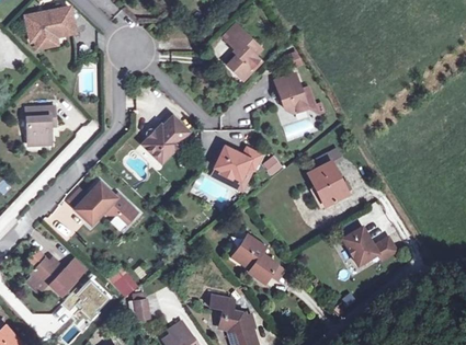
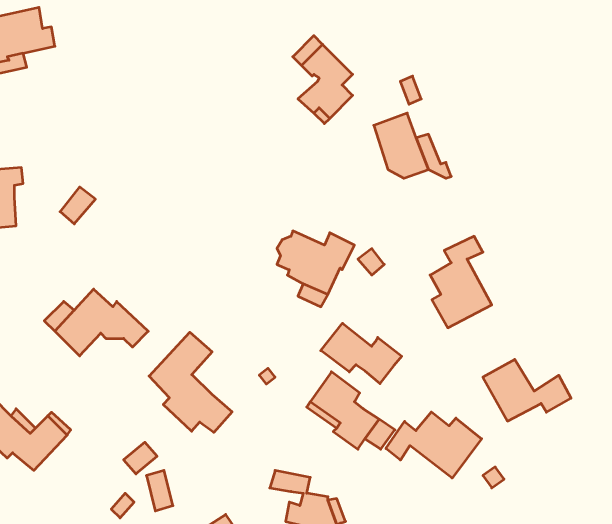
building: [140,116,189,164] -> none
building: none -> [321,323,402,384]
building: none -> [149,332,232,432]
building: none -> [386,412,482,478]

